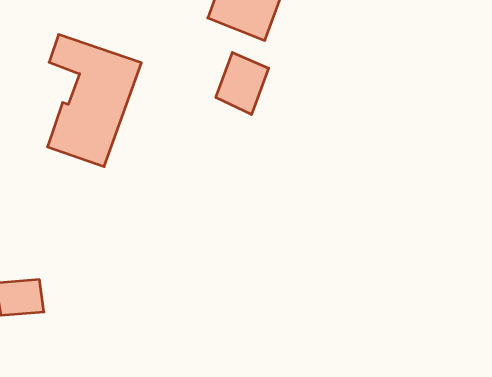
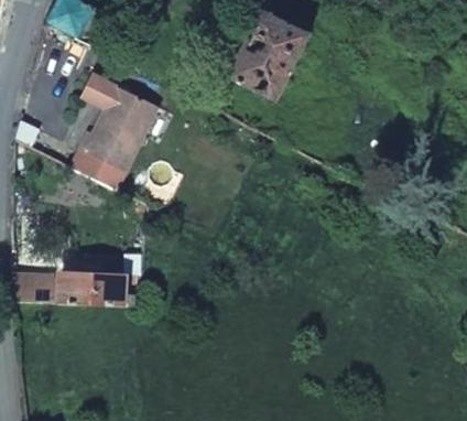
building: [216,52,269,115] -> none
building: none -> [61,271,135,304]

